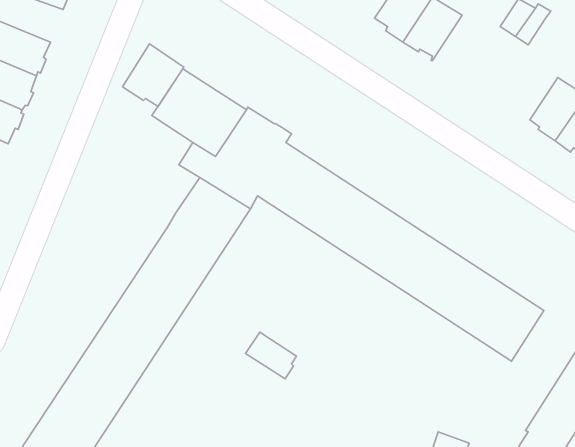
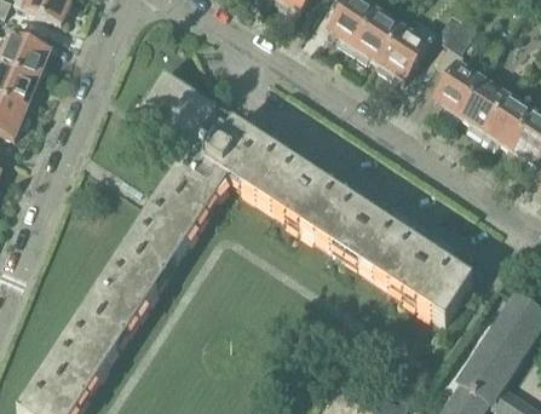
building: none -> [378,25,433,77]
building: [122,44,184,106] -> none
building: none -> [433,53,485,117]
building: [246,332,296,379] -> none

